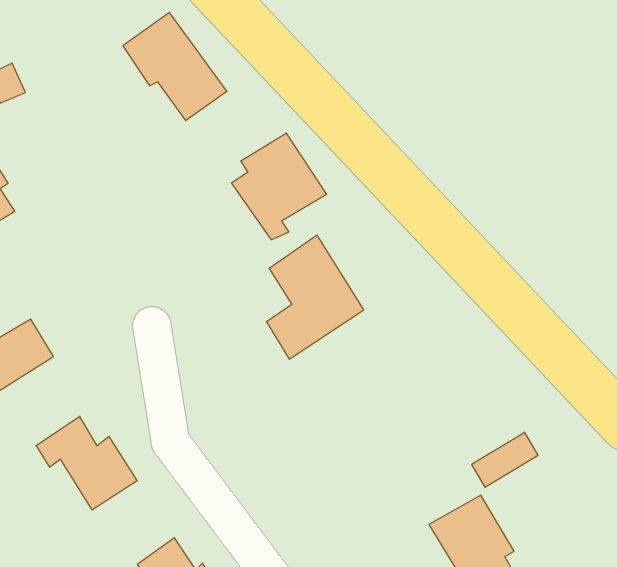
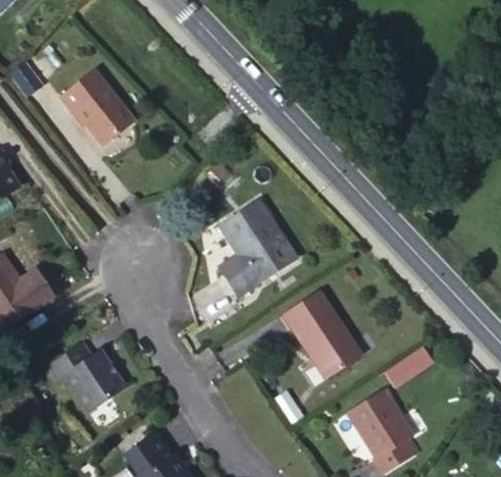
building: [123,13,227,121] -> [59,59,139,142]
building: [231,133,327,240] -> none
building: none -> [285,296,362,383]

